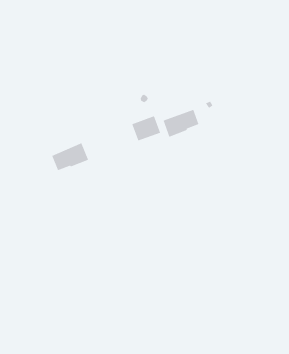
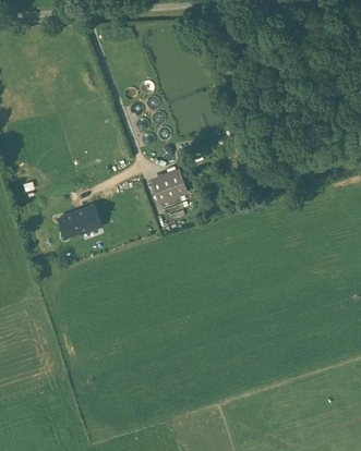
building: [162,109,200,138] -> none

